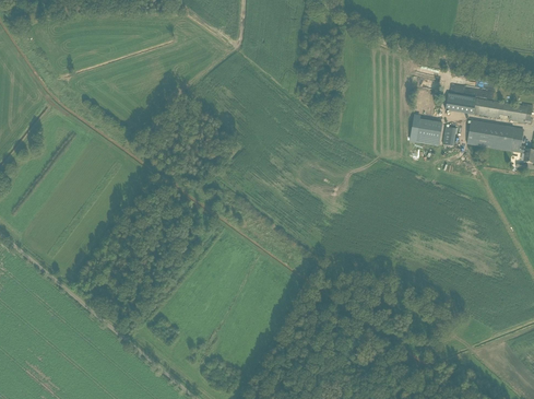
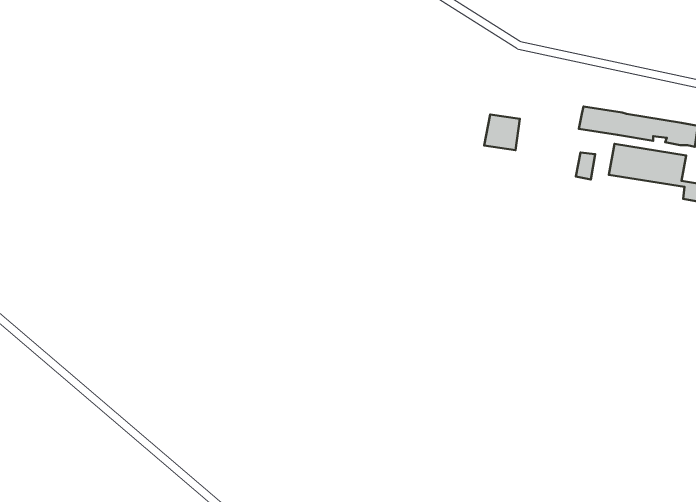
building: [415,118,441,144] -> [484,114,520,150]

